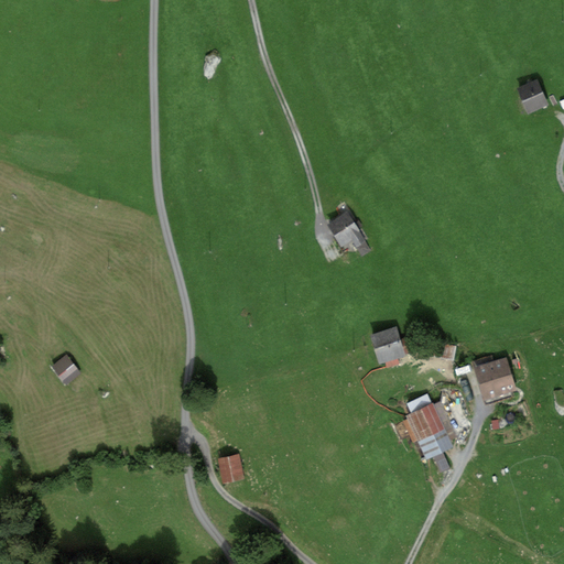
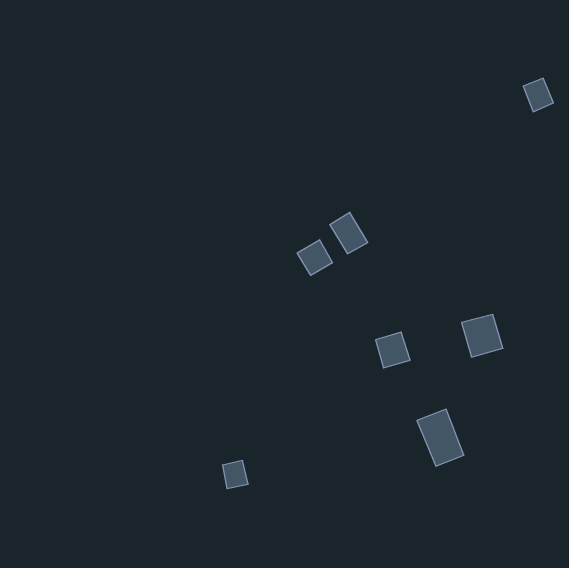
building: none -> [297,240,332,275]
building: [50,354,80,384] -> none
building: [475,358,516,400] -> [462,315,503,357]

